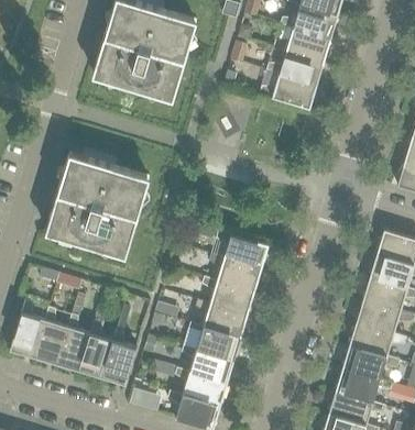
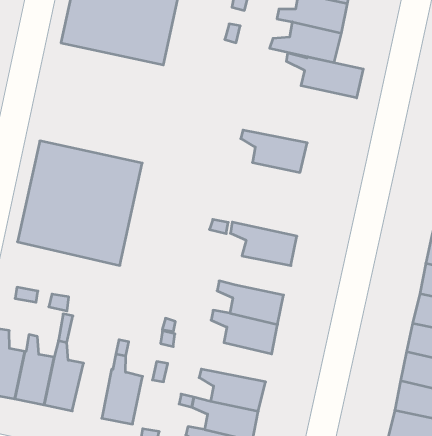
building: none -> [286,53,363,98]
building: [209,255,262,293] -> [241,130,307,172]
building: [78,322,112,379] -> none
building: [188,323,241,361] -> none

